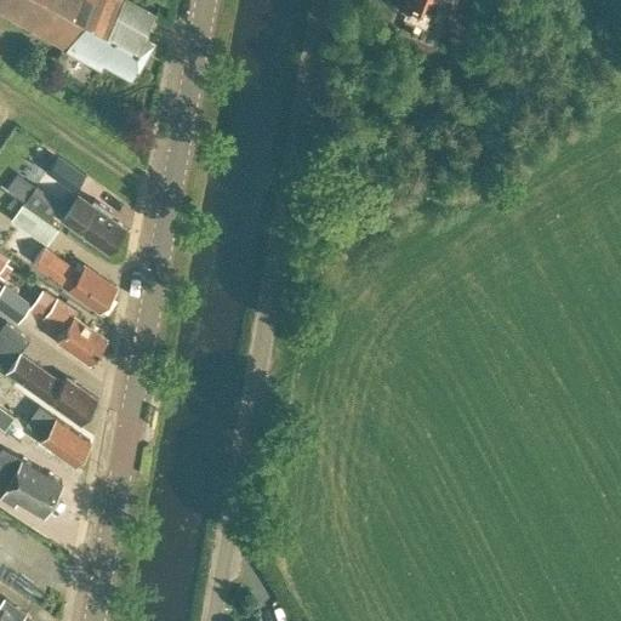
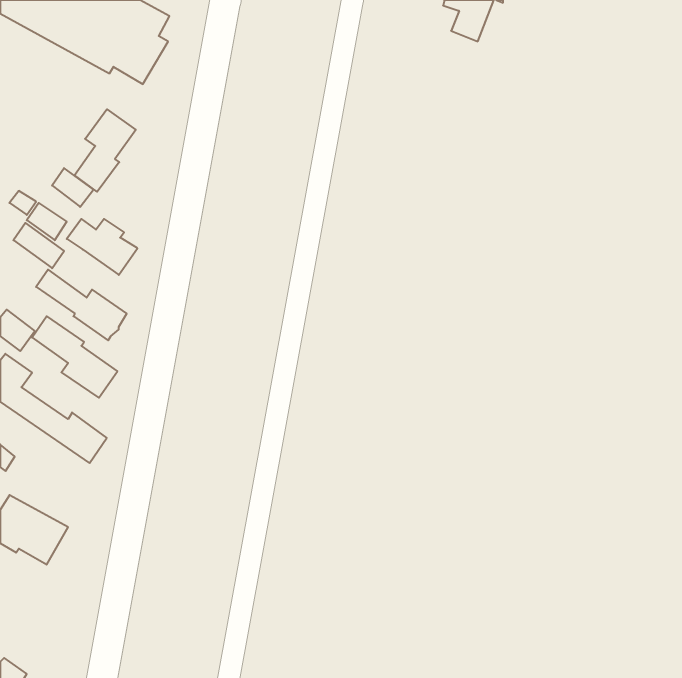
building: none -> [75,109,136,192]
building: [28,409,90,466] -> none

